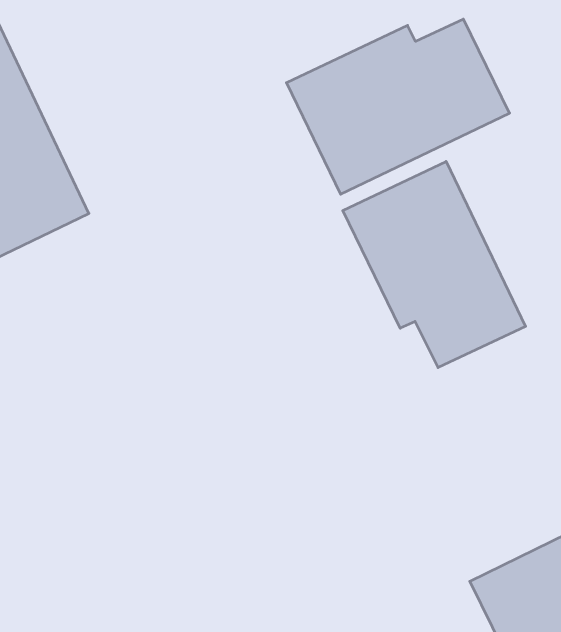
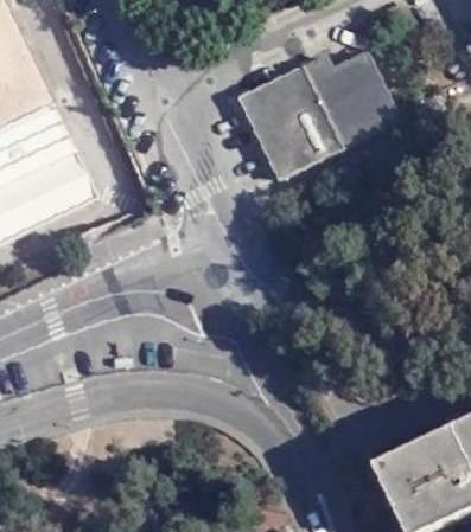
building: [343,161,526,368] -> none

